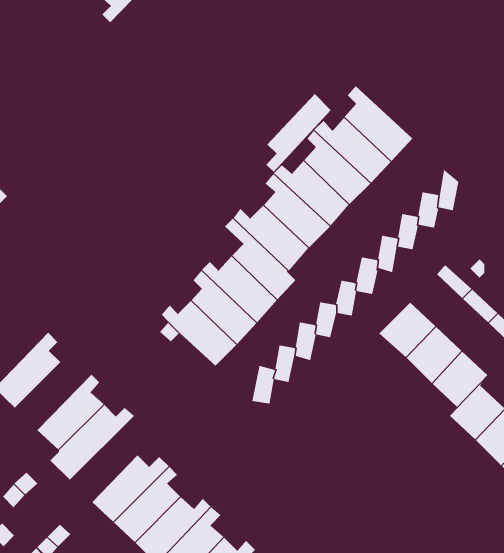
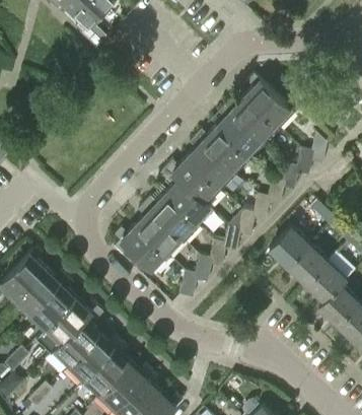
building: [266,93,332,172] -> none
building: none -> [13,270,67,318]
building: none -> [52,307,103,368]

